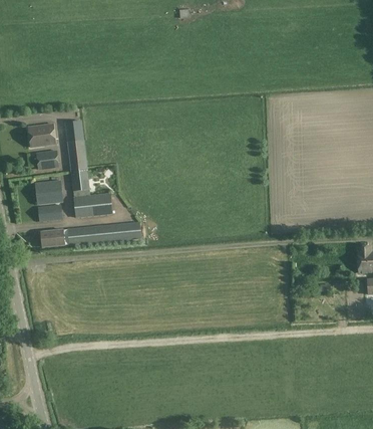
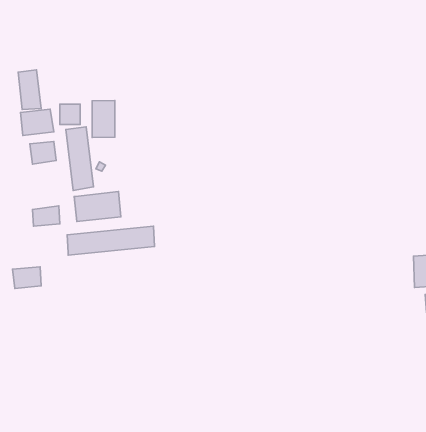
building: none -> [18,70,41,109]
building: none -> [92,101,115,138]
building: [37,182,62,203] -> none
building: [41,228,65,246] -> [12,267,41,288]

